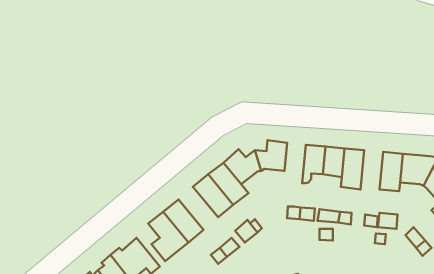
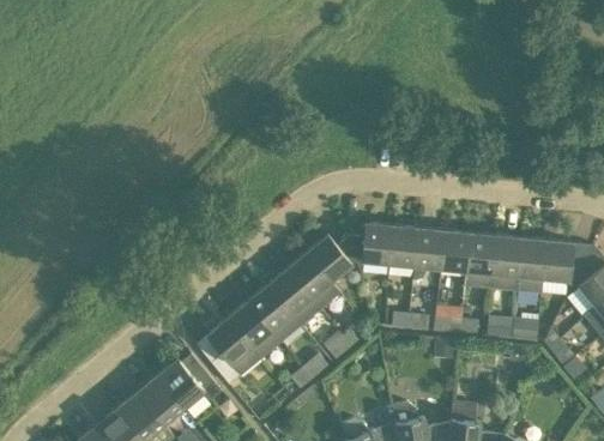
building: none -> [387,226,416,266]
building: none -> [489,236,519,291]
building: none -> [246,285,298,343]

